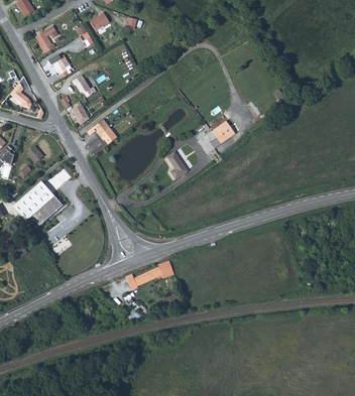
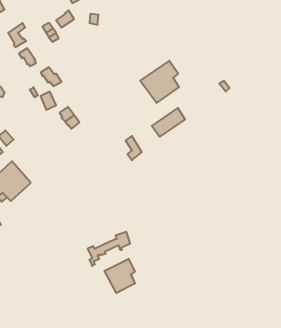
building: none -> [140,61,179,103]
building: none -> [105,259,135,293]

